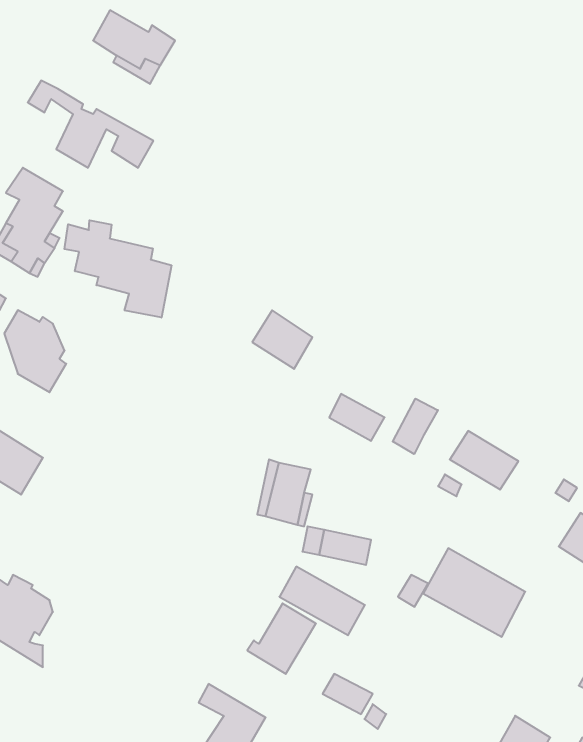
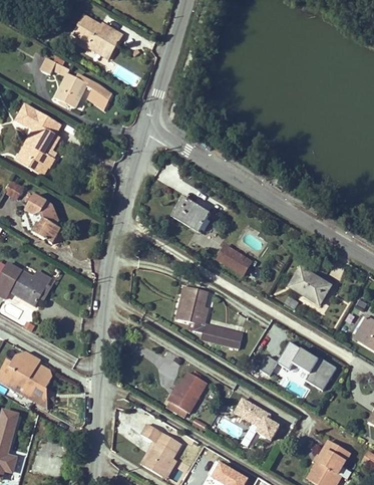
building: [64,220,171,318] -> none
building: [393,399,438,454] -> none
building: [279,567,365,635] -> [230,396,281,437]

